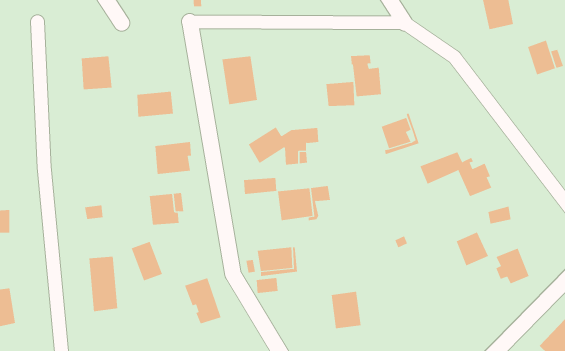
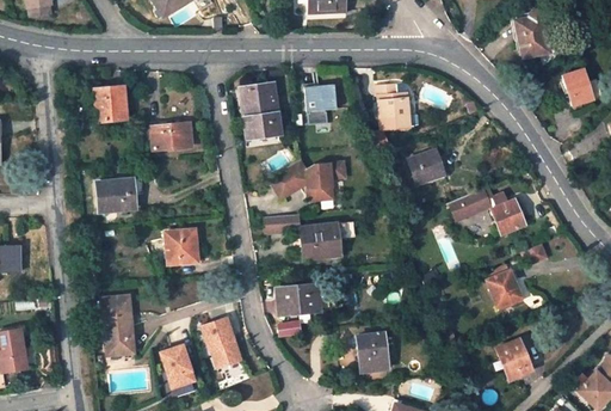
building: [326,82,355,107] -> [304,85,335,111]
building: [154,141,192,174] -> [97,178,136,213]
building: [131,241,163,281] -> [160,348,193,389]
building: [496,248,530,284] -> [495,339,531,378]

